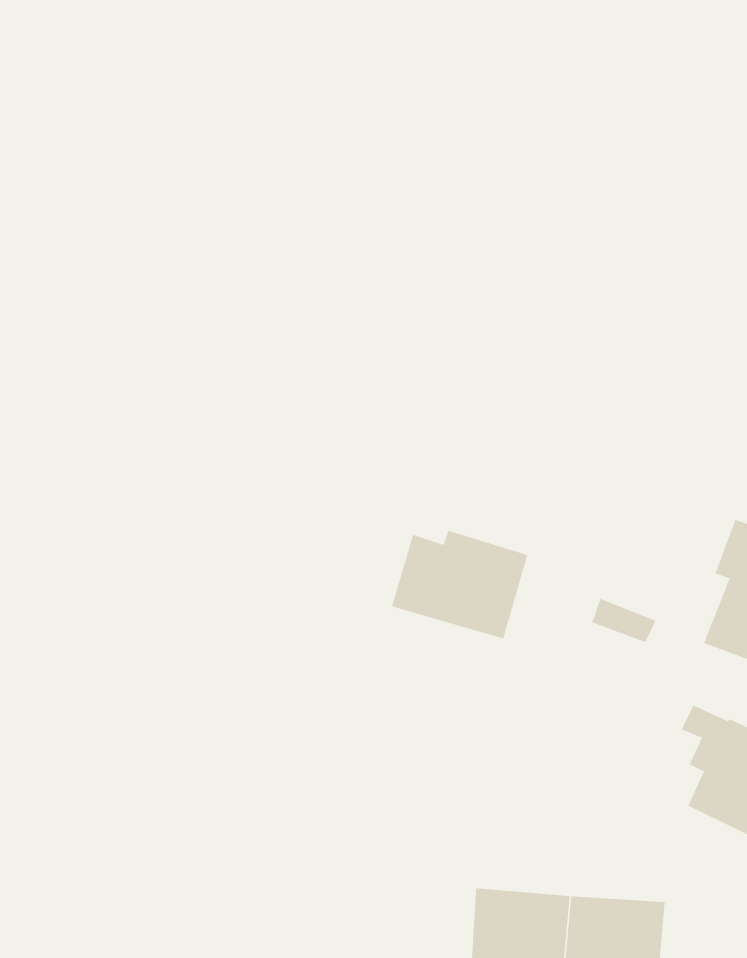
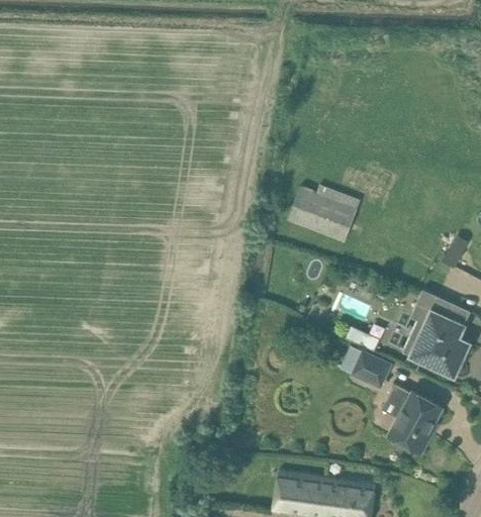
building: [391,530,528,639] -> [287,185,359,242]
building: none -> [352,352,391,388]

